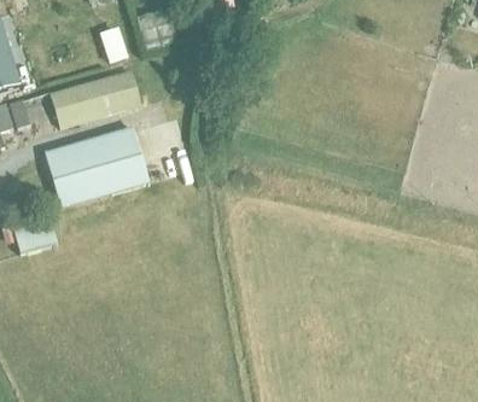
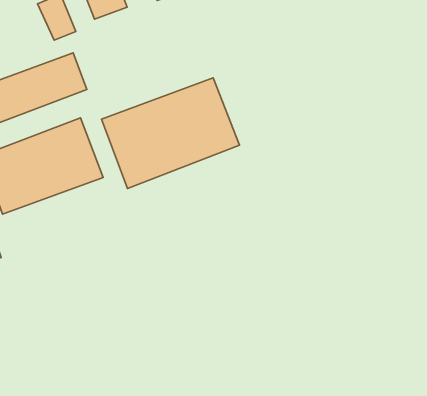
building: none -> [101,78,240,189]

